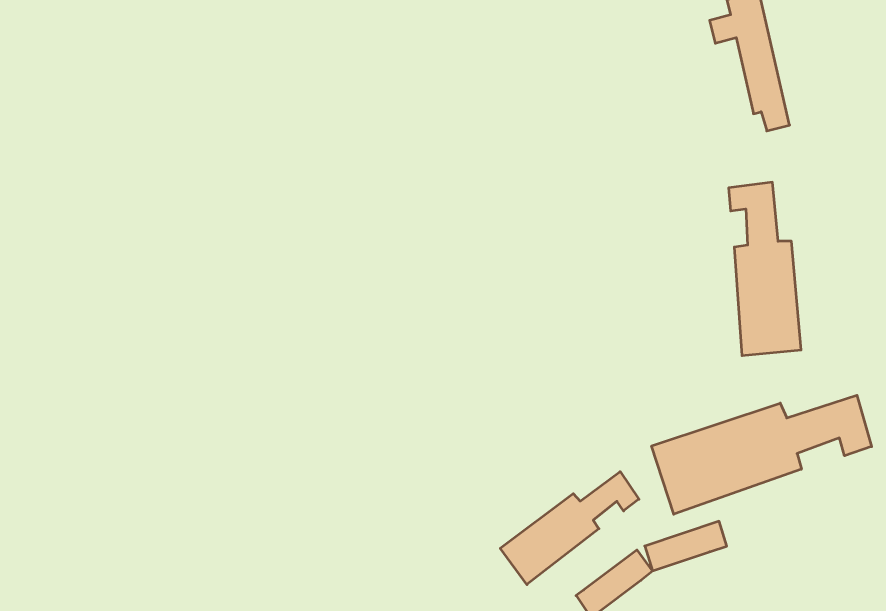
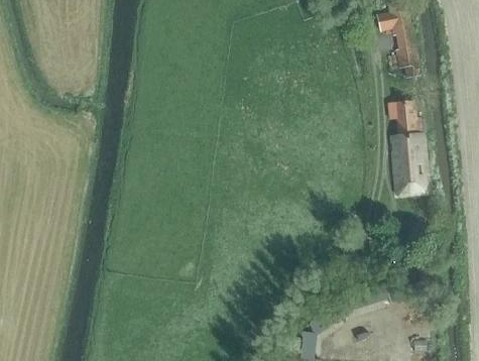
building: [652,395,872,514] -> none
building: [500,472,639,585] -> none

